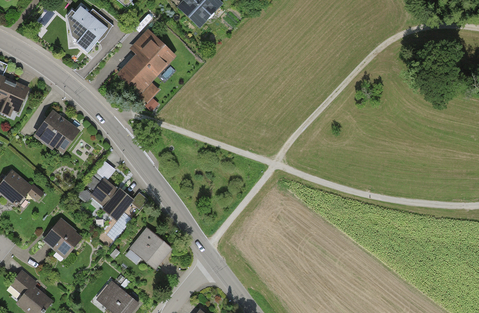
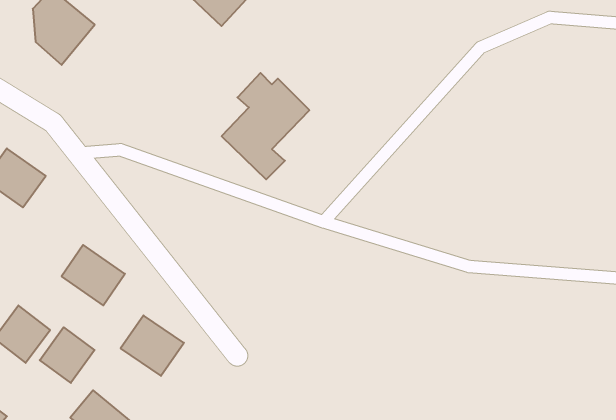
building: [116,30,177,104] -> [222,73,309,179]
building: none -> [40,327,95,383]

